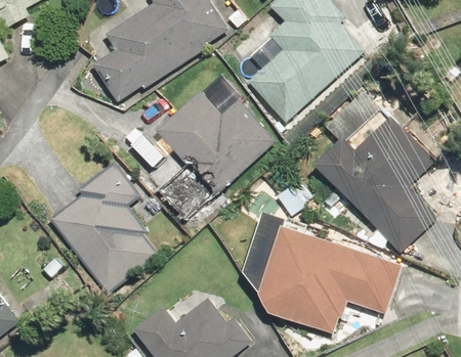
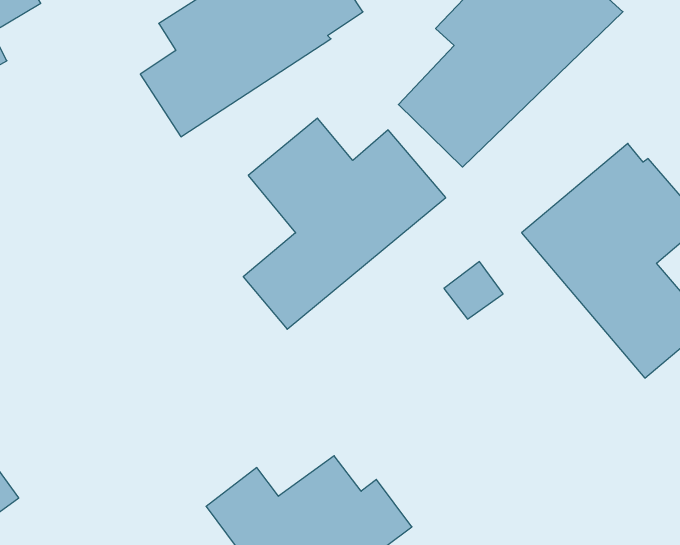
building: [49,160,155,293] -> none
building: [249,213,399,337] -> none

